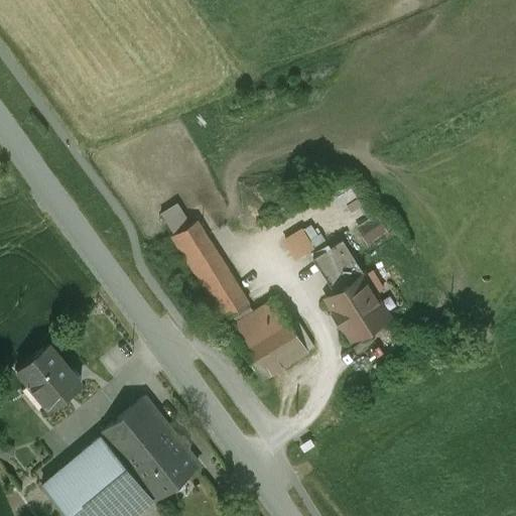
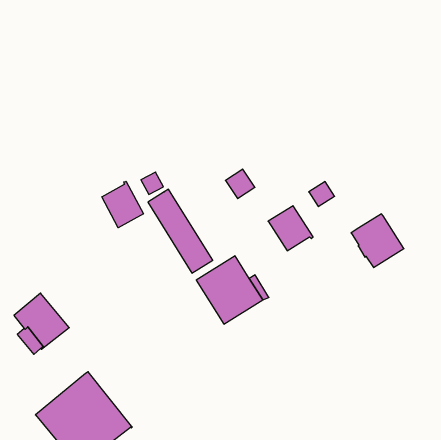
building: none -> [102,181,143,228]
building: [285,227,319,261] -> [225,169,255,199]
building: [327,278,388,341] -> [351,214,404,268]
building: [102,397,199,500] -> none

